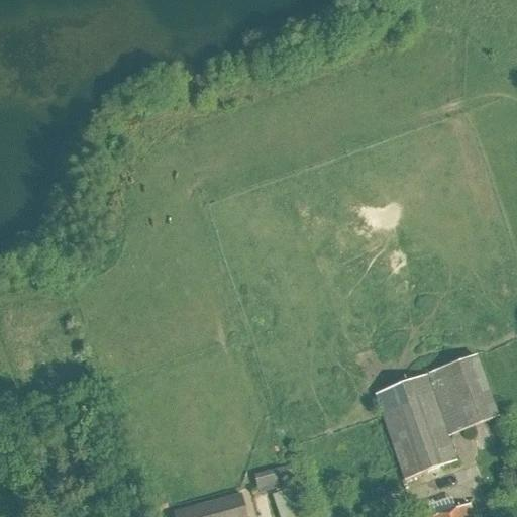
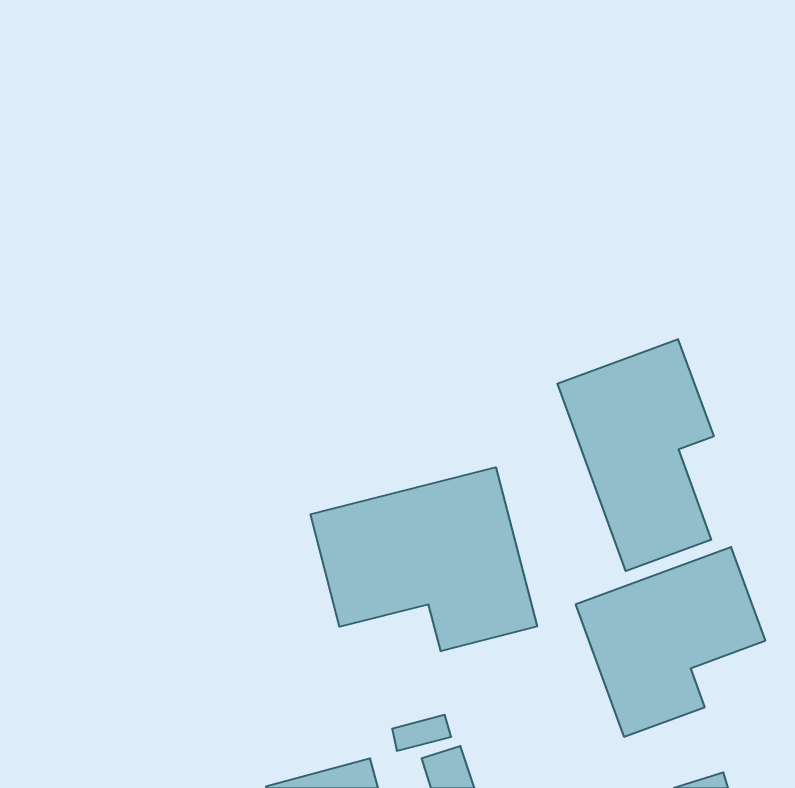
building: none -> [557,339,714,571]
building: none -> [311,467,537,651]

